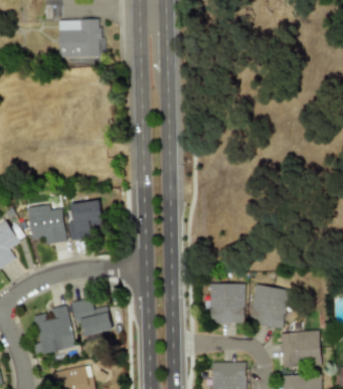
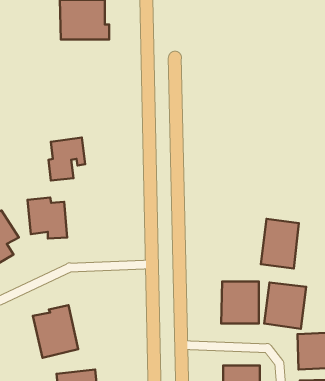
building: [68,200,103,240] -> [49,137,85,180]
building: none -> [261,219,299,269]
building: [71,298,113,337] -> none

